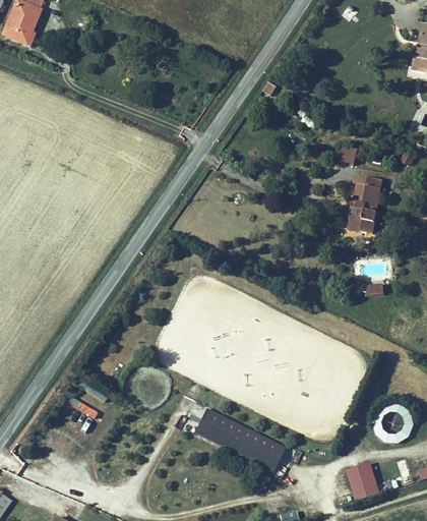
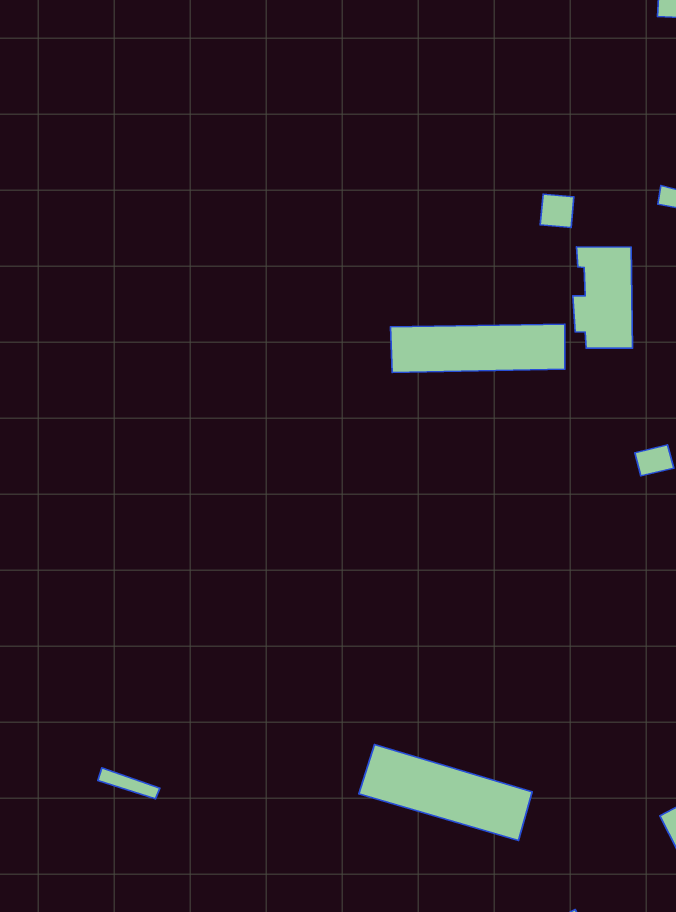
building: none -> [390,324,565,373]

